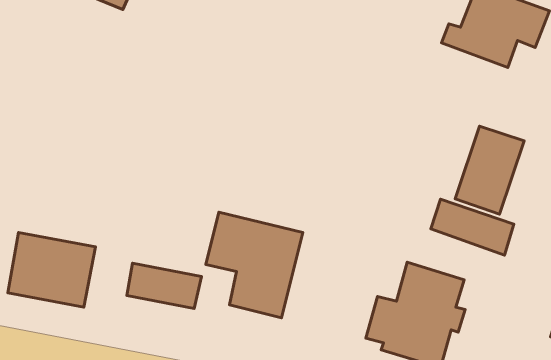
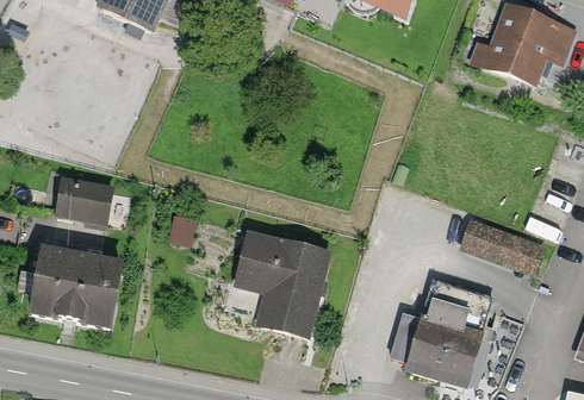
building: [455,126,524,214] -> none
building: [127,263,201,308] -> [58,180,133,225]

